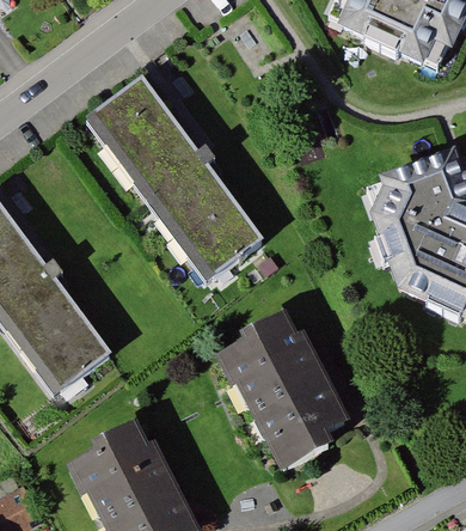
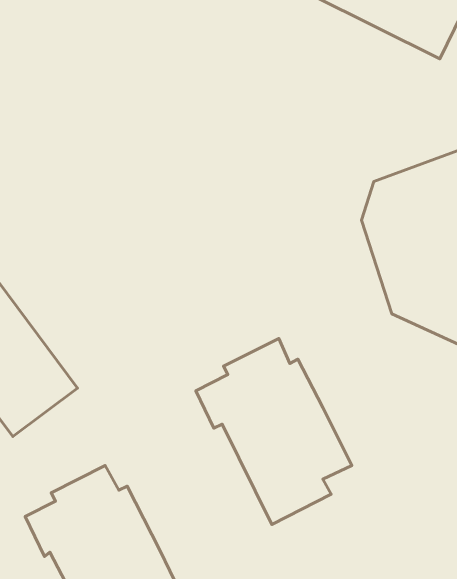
building: [86,78,263,281] -> none

